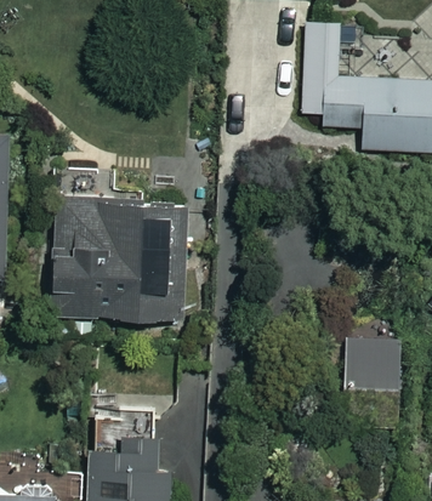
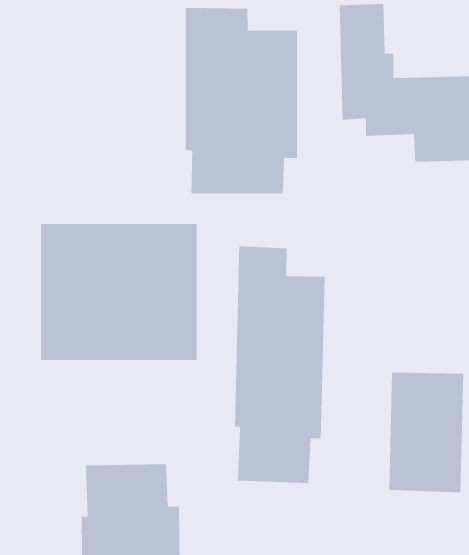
building: none -> [185,7,298,194]
building: none -> [234,246,325,484]

